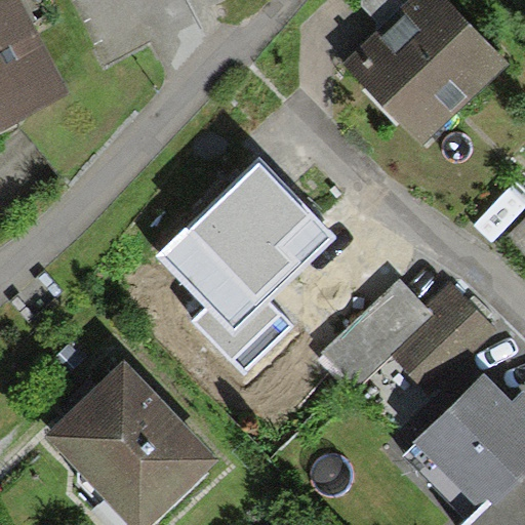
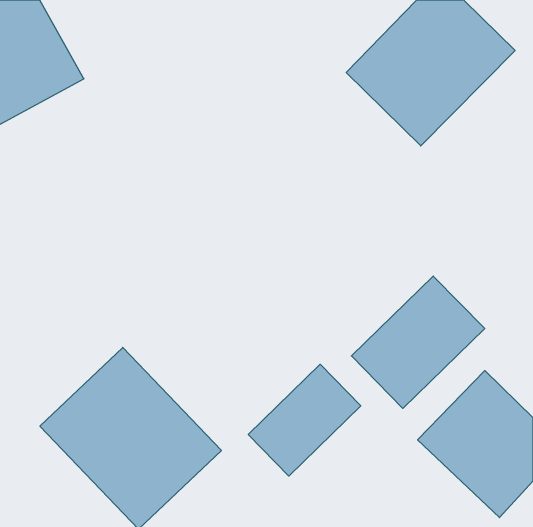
building: [159,167,333,340] -> none
building: none -> [248,364,361,476]

